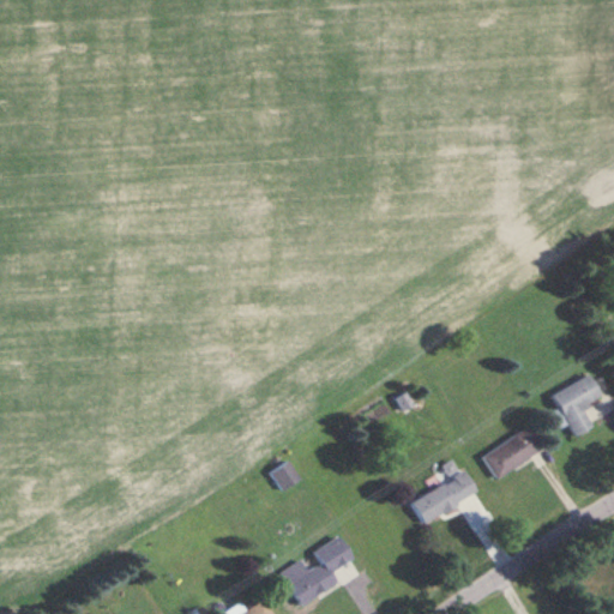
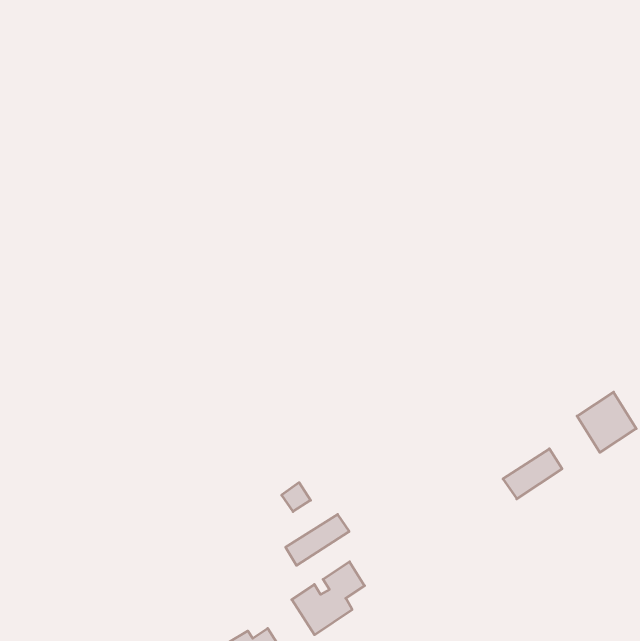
building: [411,471,474,523] -> none
building: none -> [286,514,349,565]

